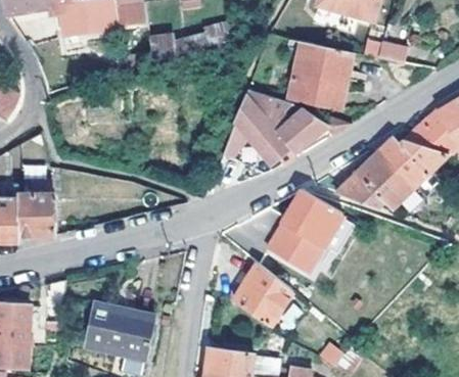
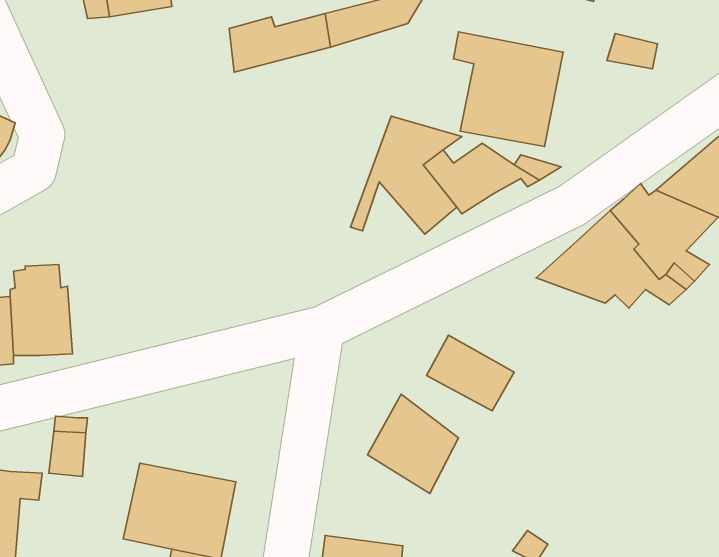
building: [282,190,342,247] -> none

